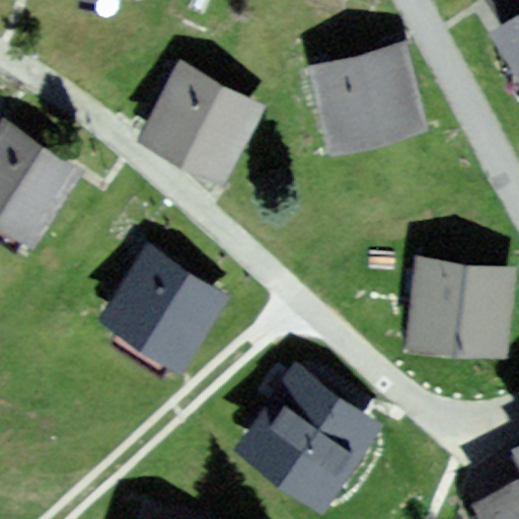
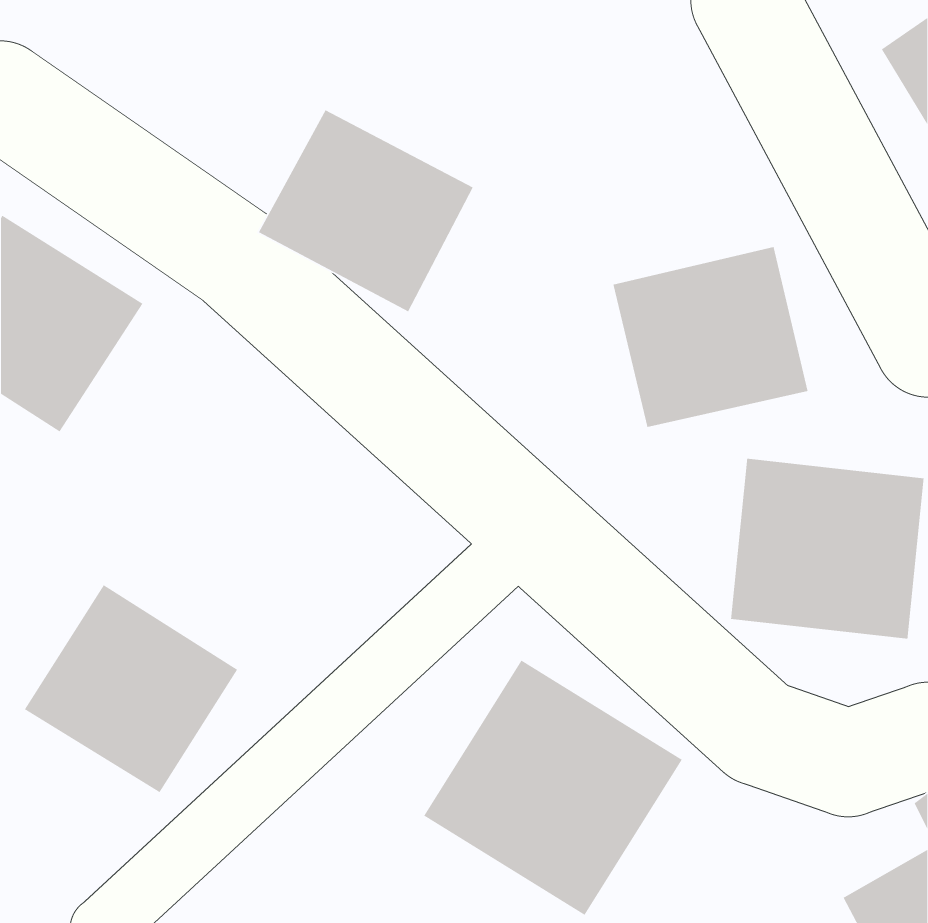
building: [313,50,423,151] -> [612,246,809,428]
building: [104,252,224,369] -> [24,584,238,793]

